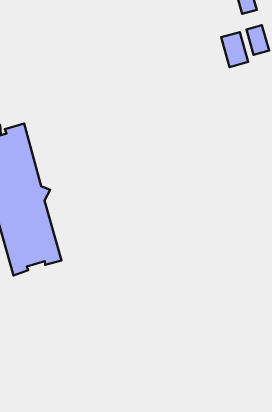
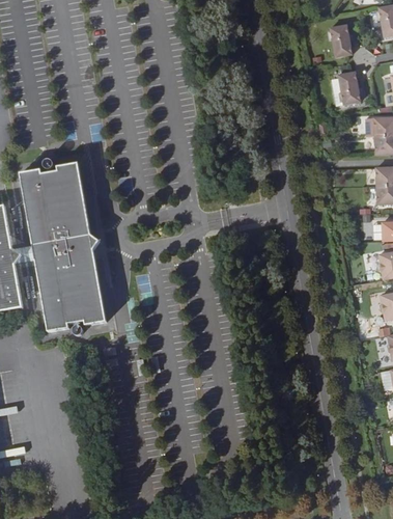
building: [221,32,248,67] -> none

